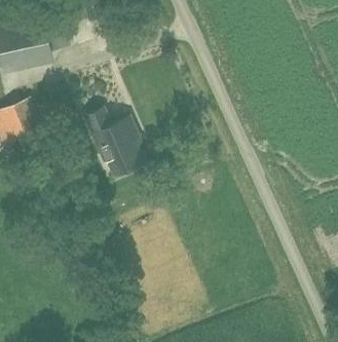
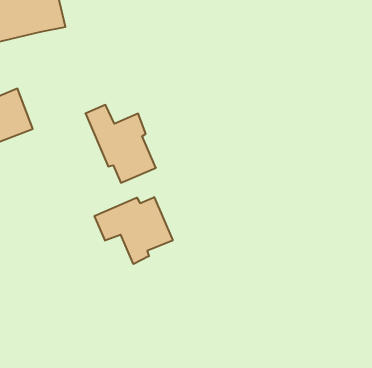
building: none -> [95,197,173,264]

